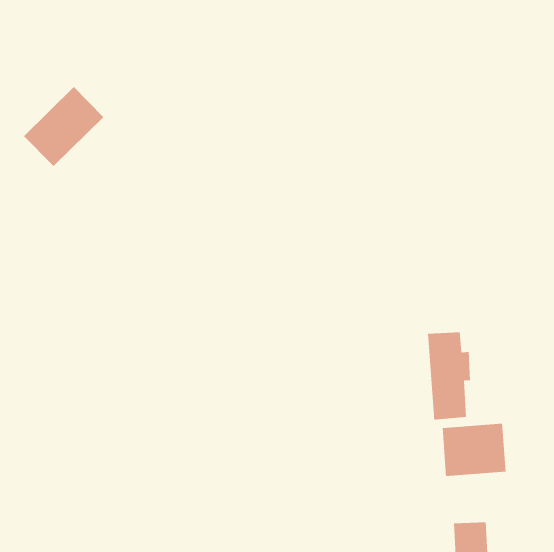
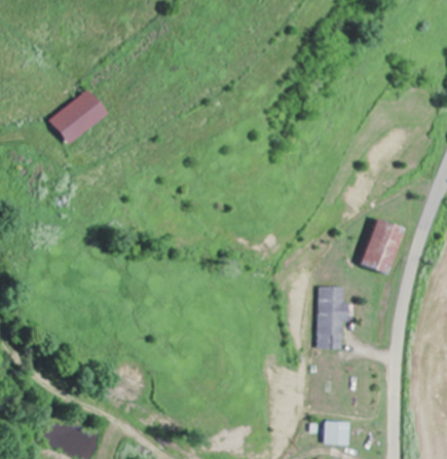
building: none -> [361,219,402,273]
building: [442,423,506,477] -> none

